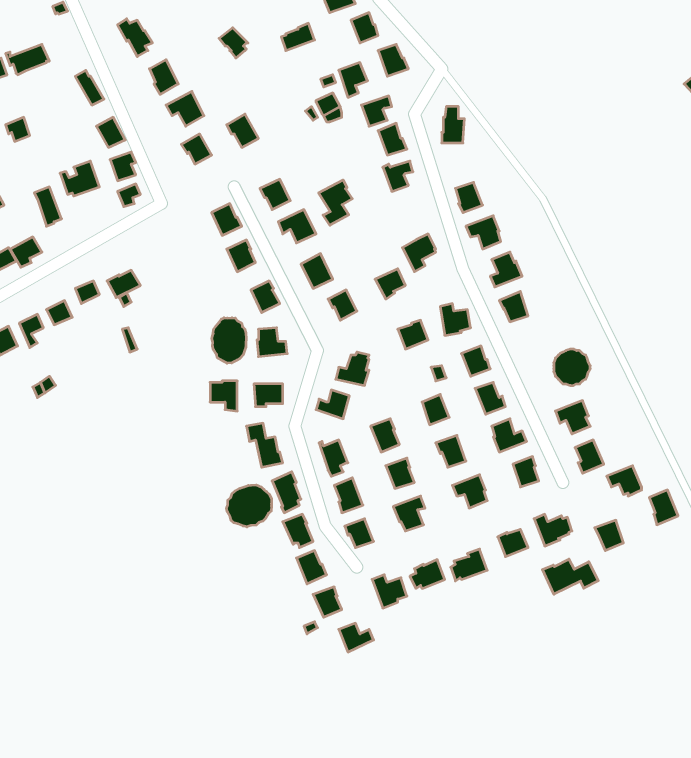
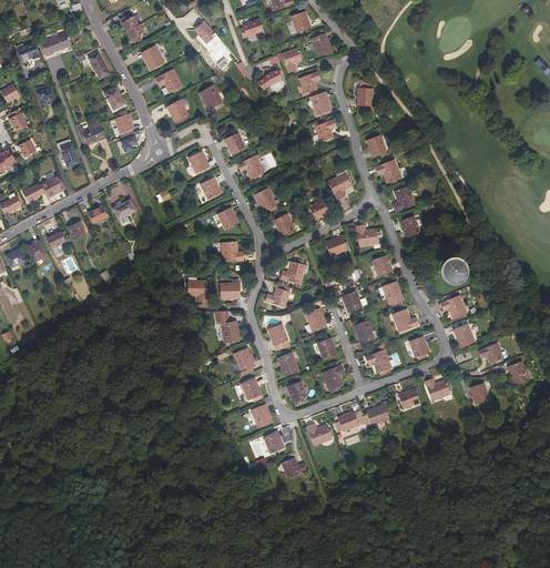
building: [319,180,352,225] -> none
building: [212,318,246,363] -> none
building: [226,485,272,527] -> none
building: [542,559,598,594] -> none

